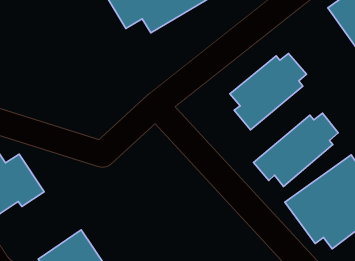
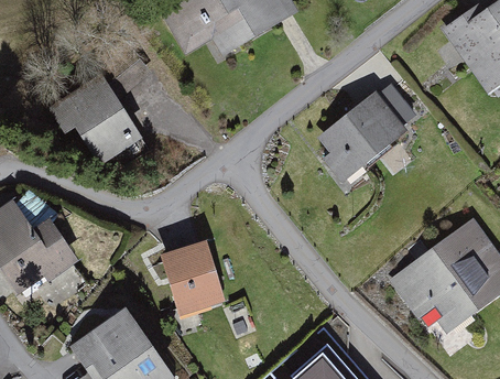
building: none -> [46,76,142,169]
building: [253,113,338,186] -> none
building: none -> [161,240,227,318]

